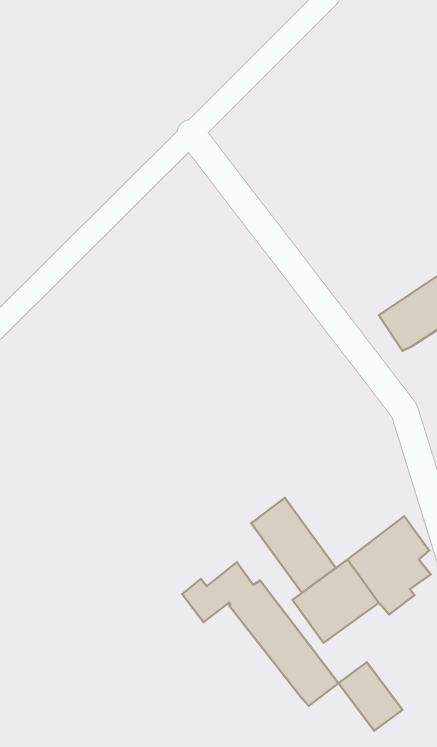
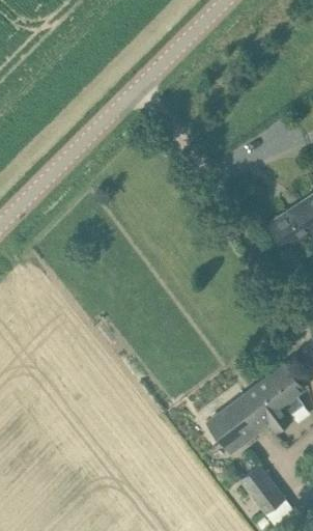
building: [251,498,336,593] -> none
building: [182,562,338,706] -> none

